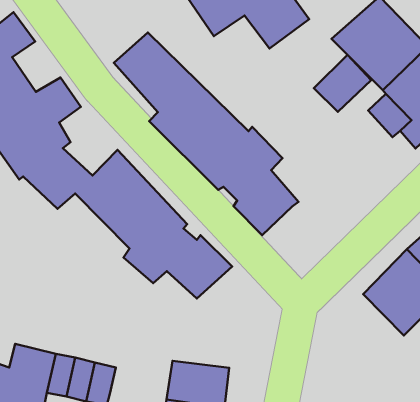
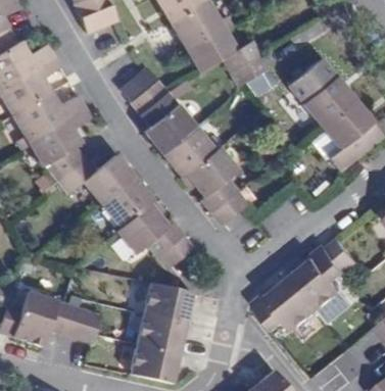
building: [314,55,371,112] -> none
building: none -> [254,277,318,331]
building: none -> [143,283,192,323]

